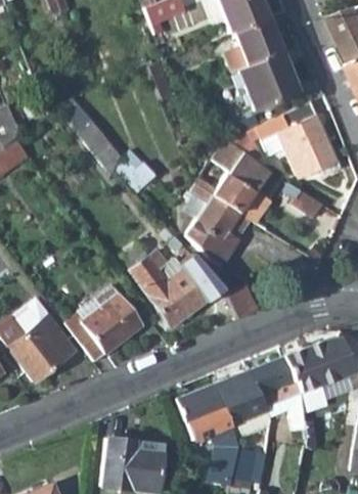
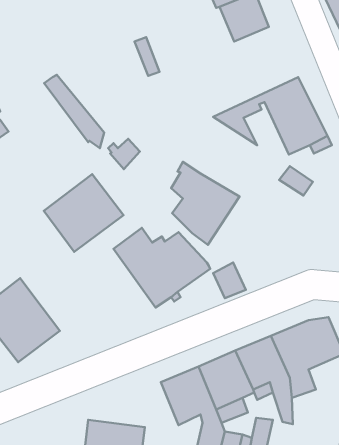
building: [235,53,297,111] -> none
building: [211,140,270,223] -> none
building: [65,286,143,362] -> [44,174,124,252]

